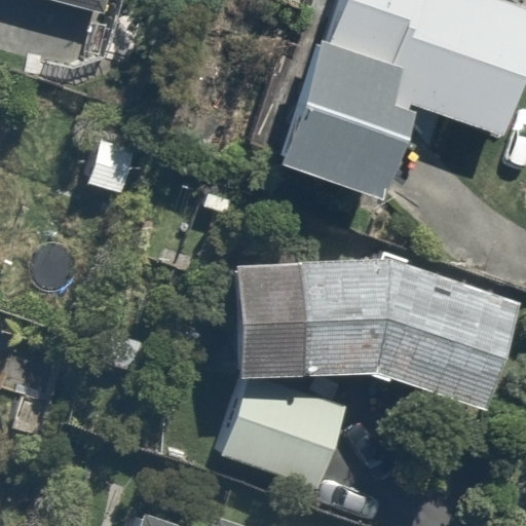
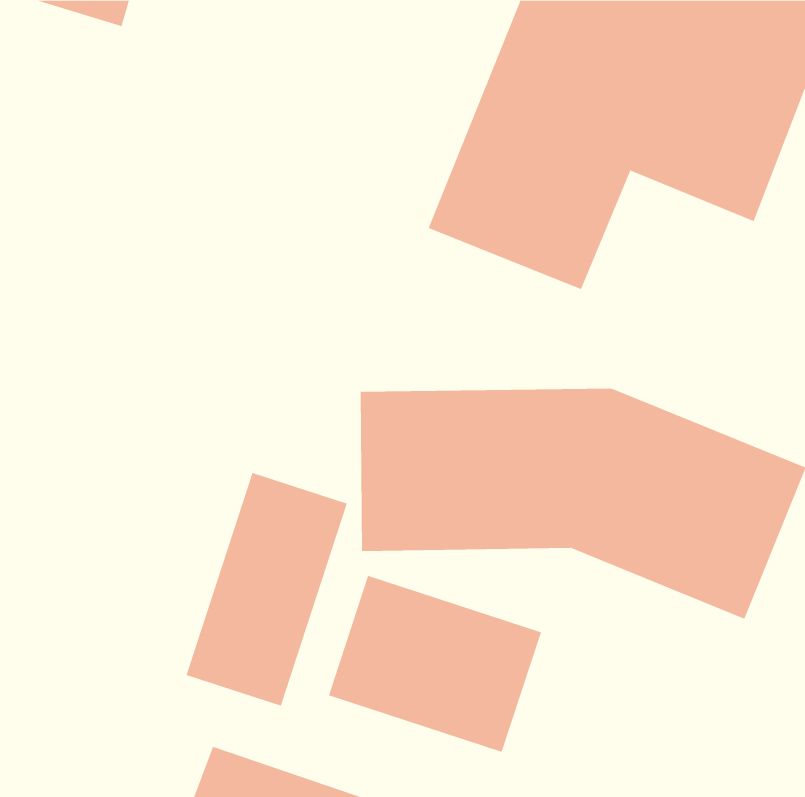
building: none -> [186,472,348,706]

